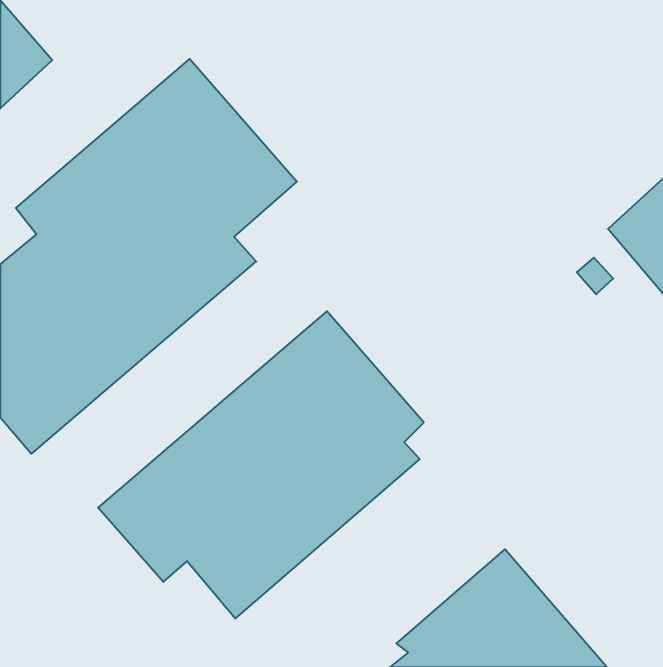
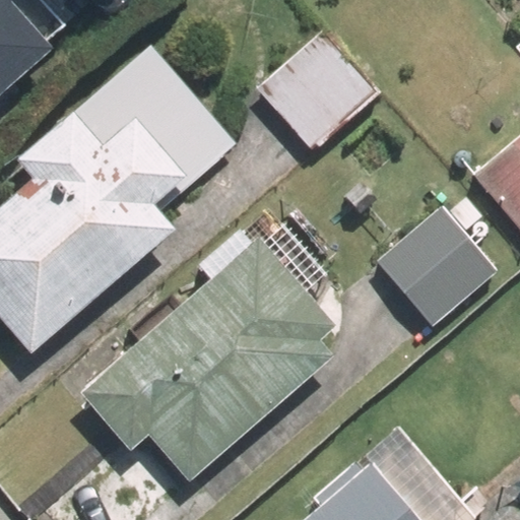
building: none -> [258,31,377,149]
building: none -> [377,205,496,326]

